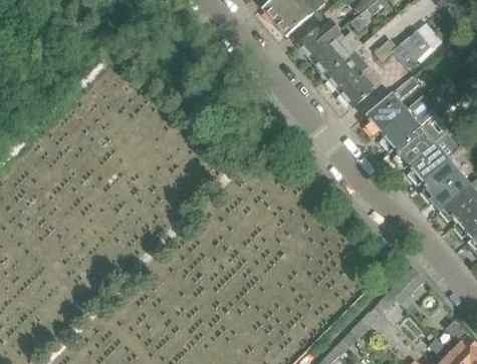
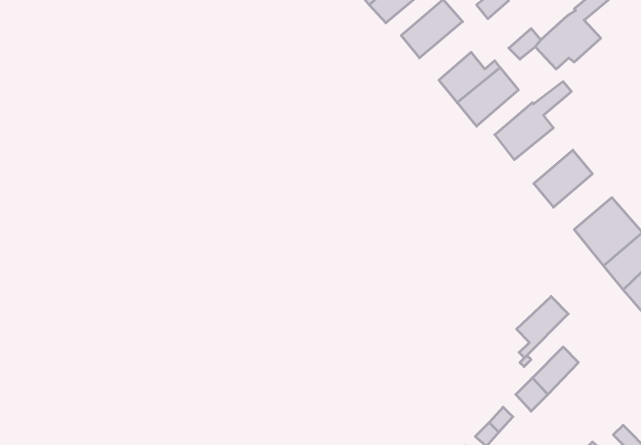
building: [310,33,354,75] -> none
building: [379,94,434,149] -> none
building: [407,142,449,183] -> none
building: none -> [517,296,568,358]

